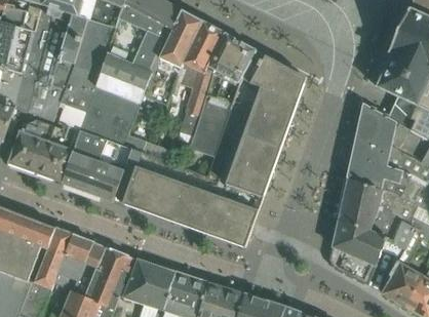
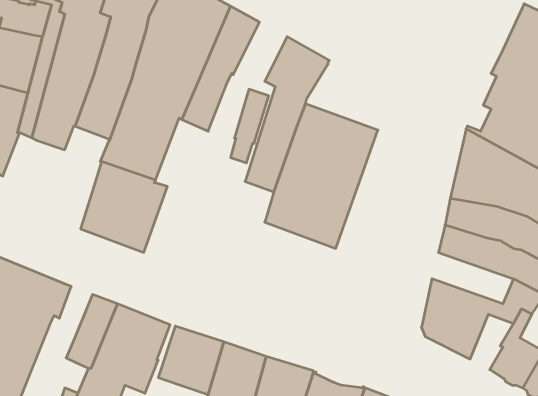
building: [183,22,225,73] -> none
building: [239,54,305,106] -> none
building: [8,119,80,183] -> none
building: [113,150,263,247] -> none
building: [338,201,401,241] -> none
building: [33,228,73,308] -> none

